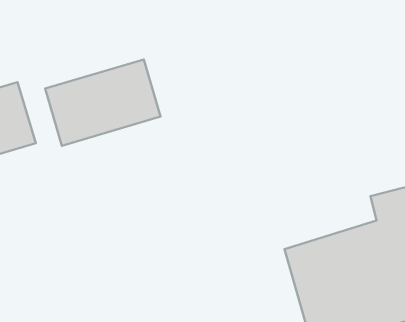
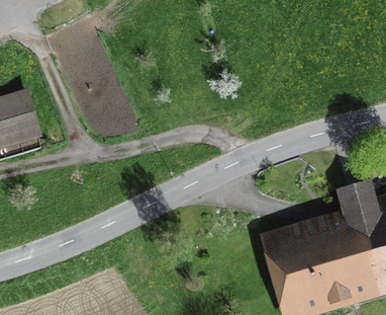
building: [45,59,161,146] -> none

